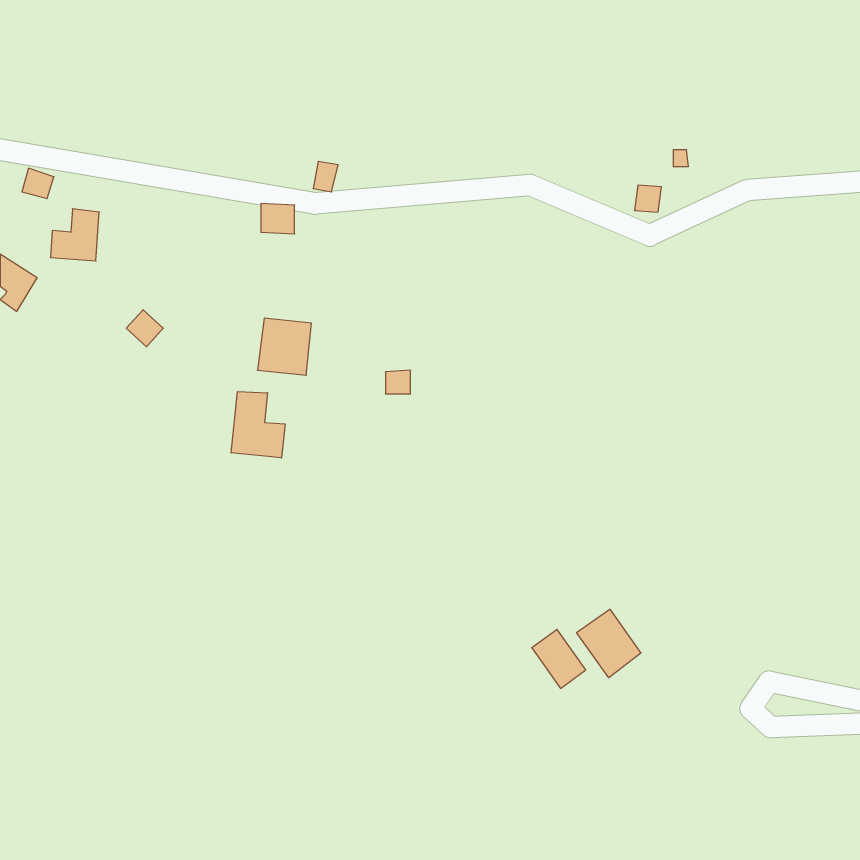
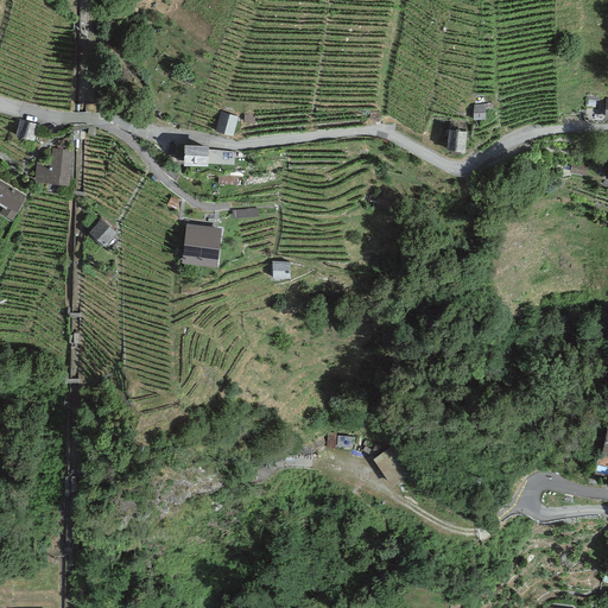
building: [231,392,285,458] -> none
building: [577,609,641,678] -> none

